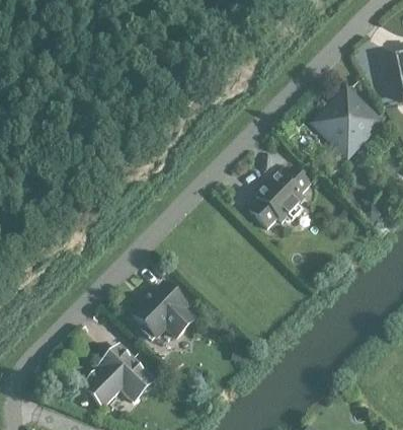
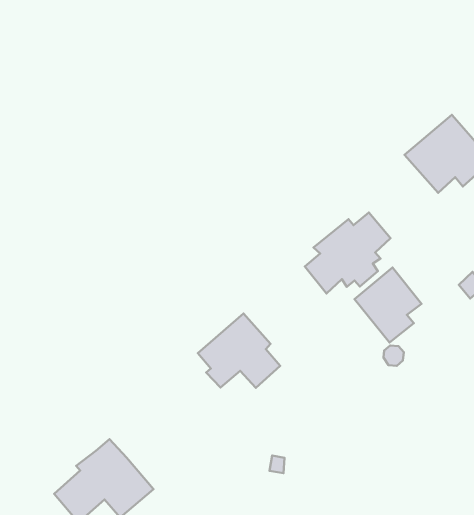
building: none -> [355,268,421,342]
building: [133,282,192,337] -> [198,313,280,388]

